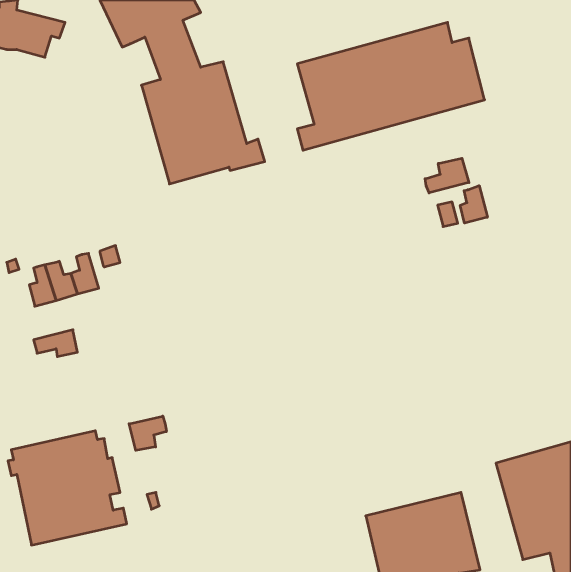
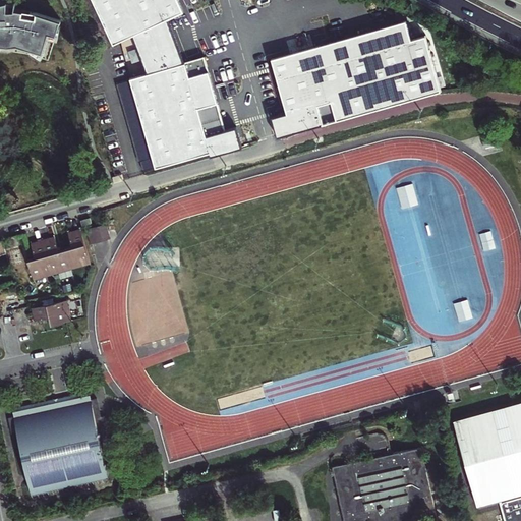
building: [425,158,469,193] -> none
building: [460,186,487,223] -> none
building: [129,416,166,450] -> none

